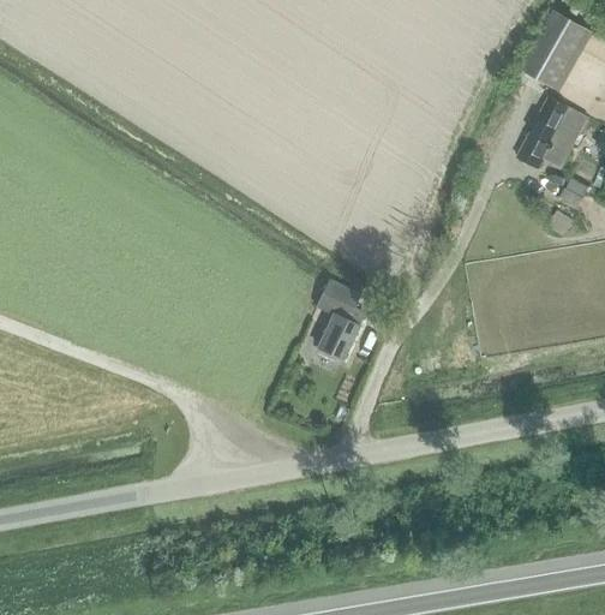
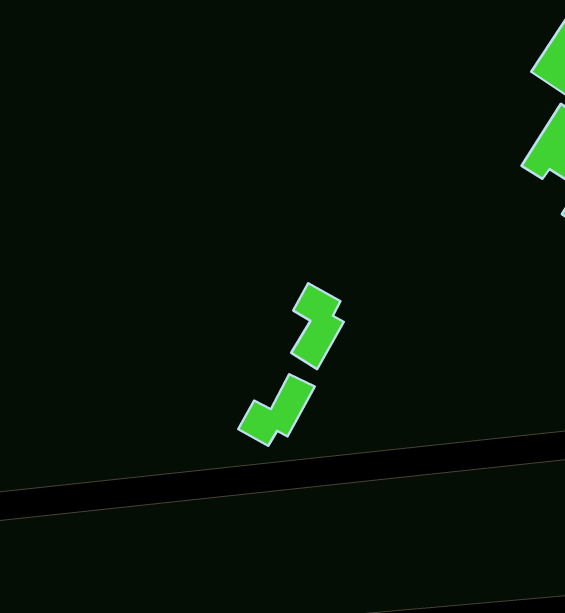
building: none -> [238,374,315,446]

